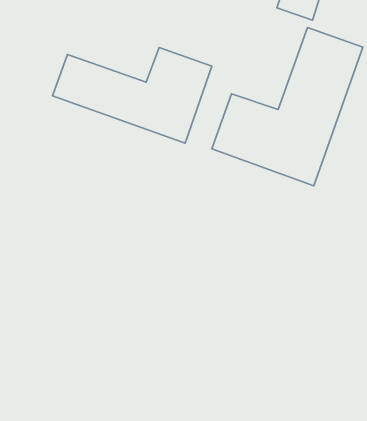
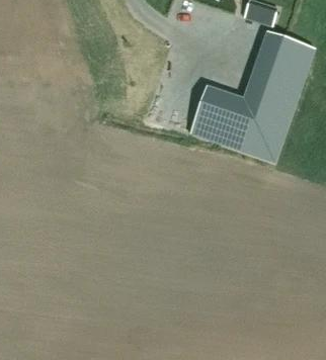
building: [53,47,212,143] -> none

